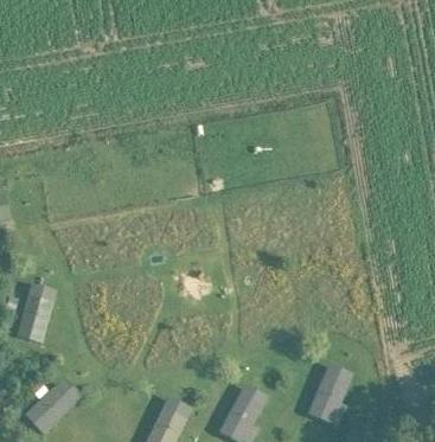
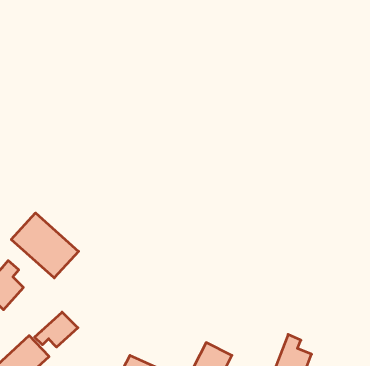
building: none -> [11,213,79,278]
building: none -> [35,312,78,347]

